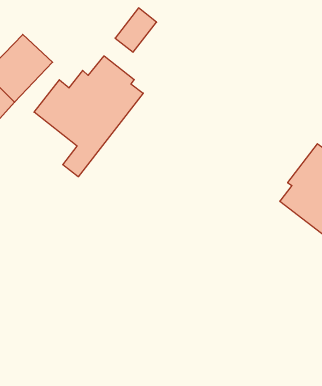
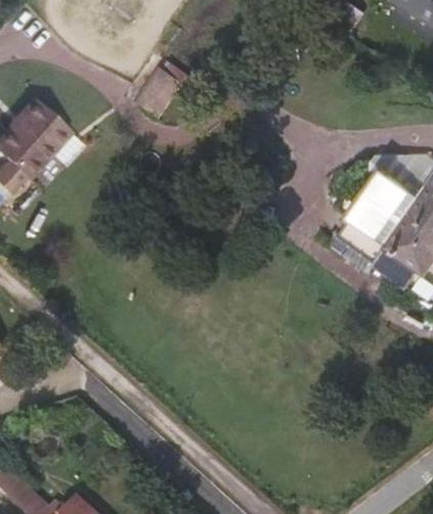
building: [34,56,143,177] -> none

